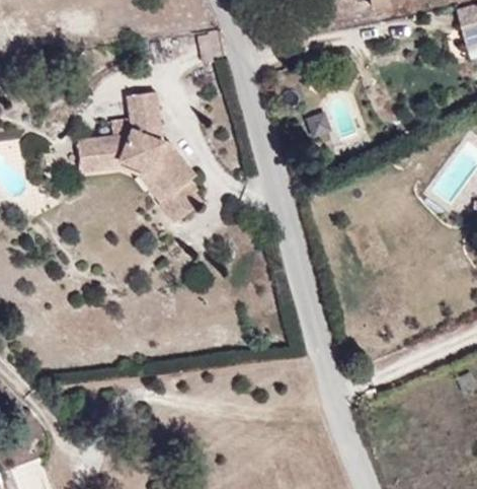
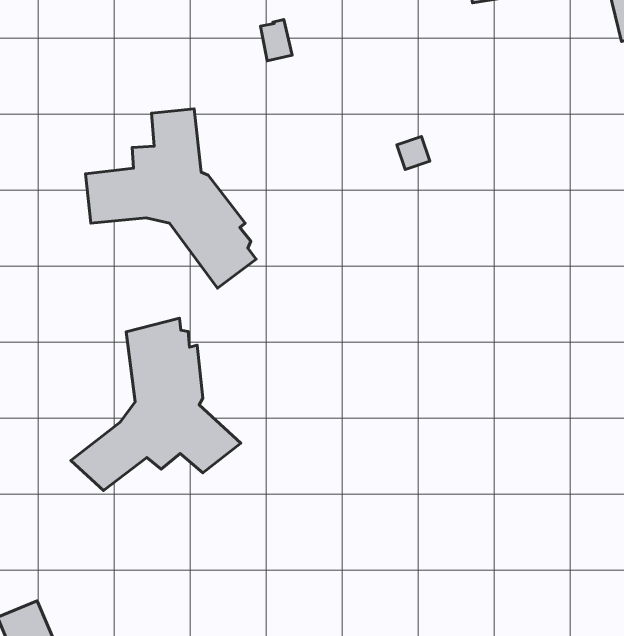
building: none -> [71,318,241,490]

